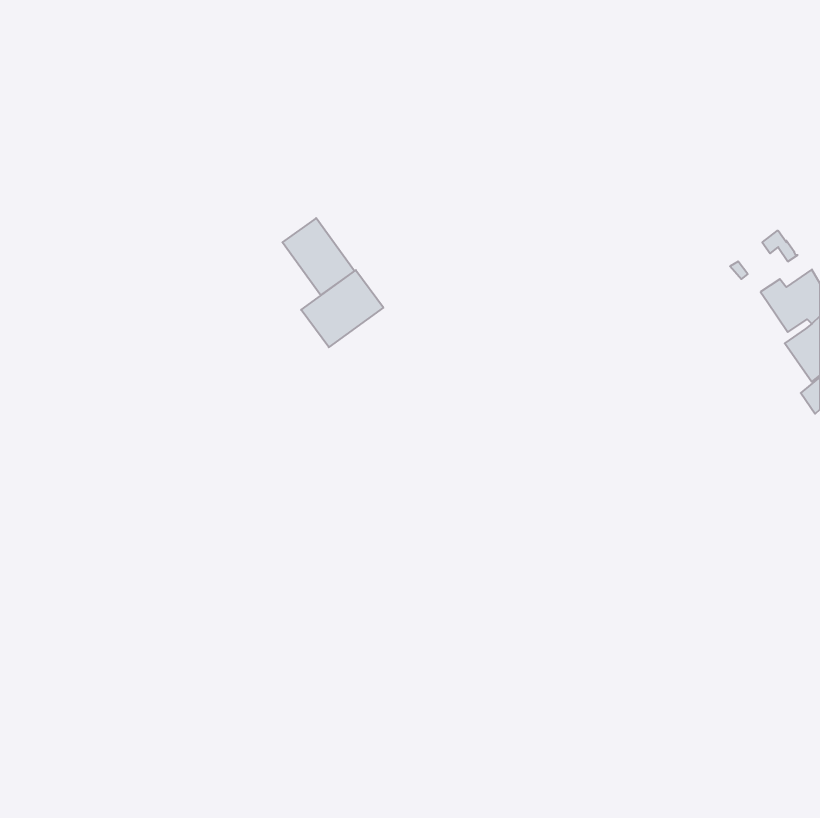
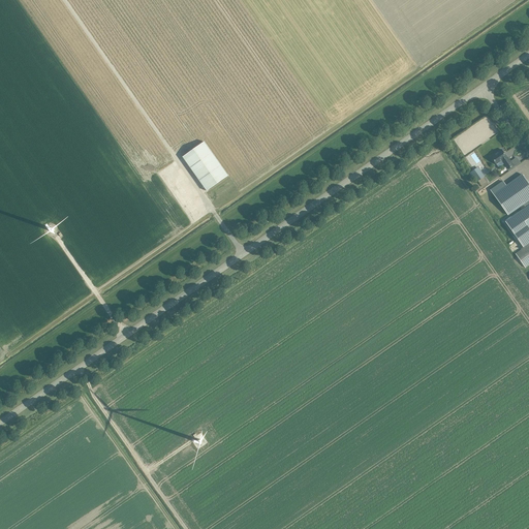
building: [301,270,383,347] -> none

